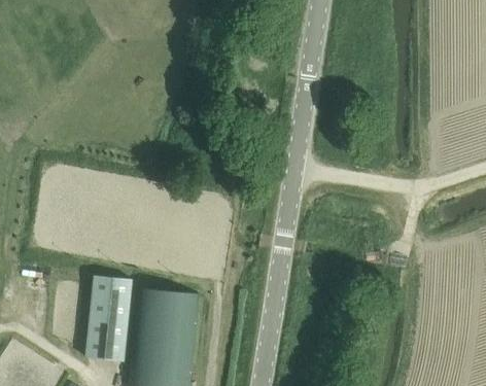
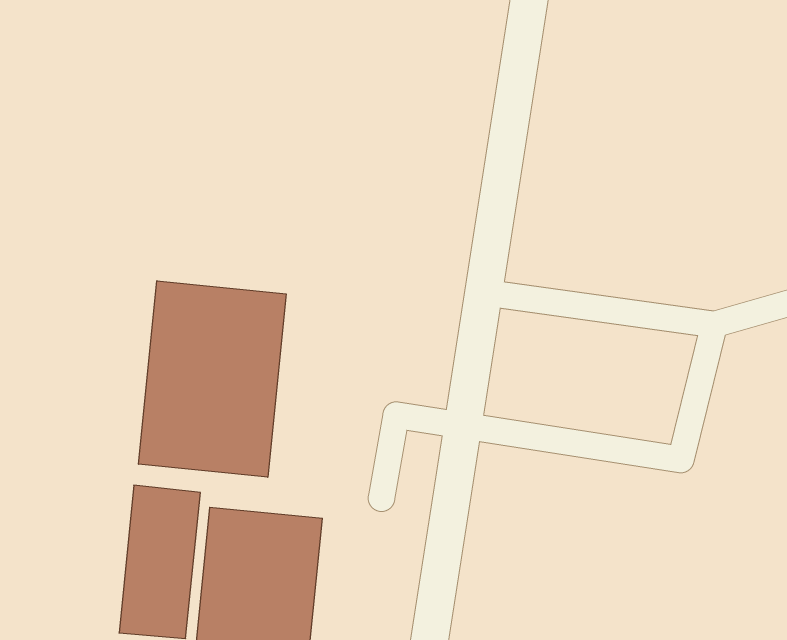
building: none -> [139,281,286,477]

